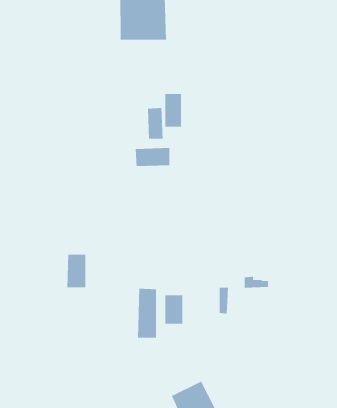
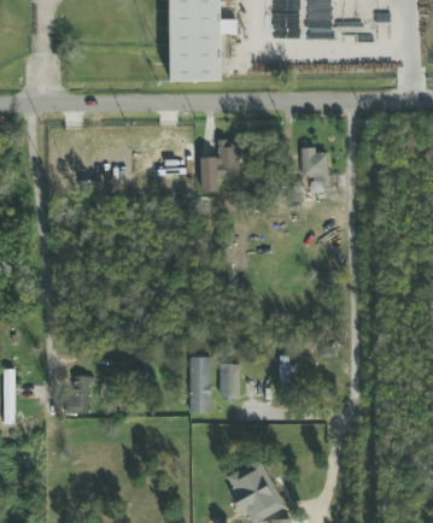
building: none -> [302,147,328,177]
building: [135,147,170,167] -> none
building: [66,254,86,288] -> [68,376,89,413]

